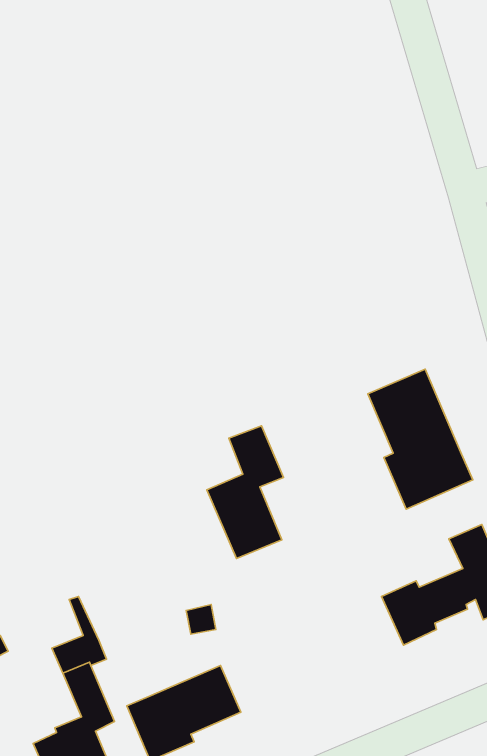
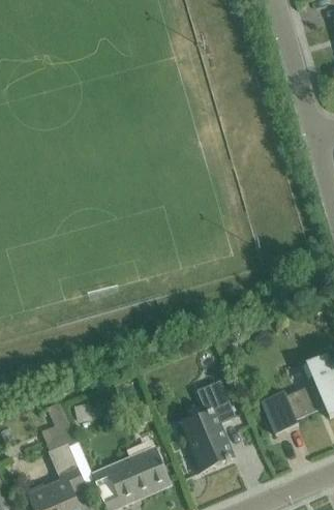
building: [368,369,473,509] -> none
building: [207,426,283,559] -> [183,382,234,470]

